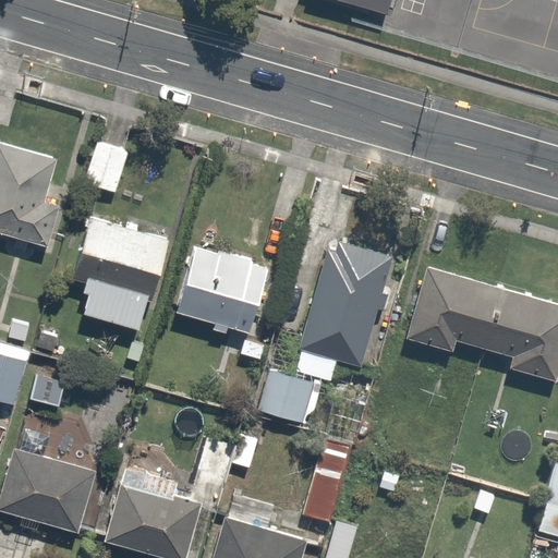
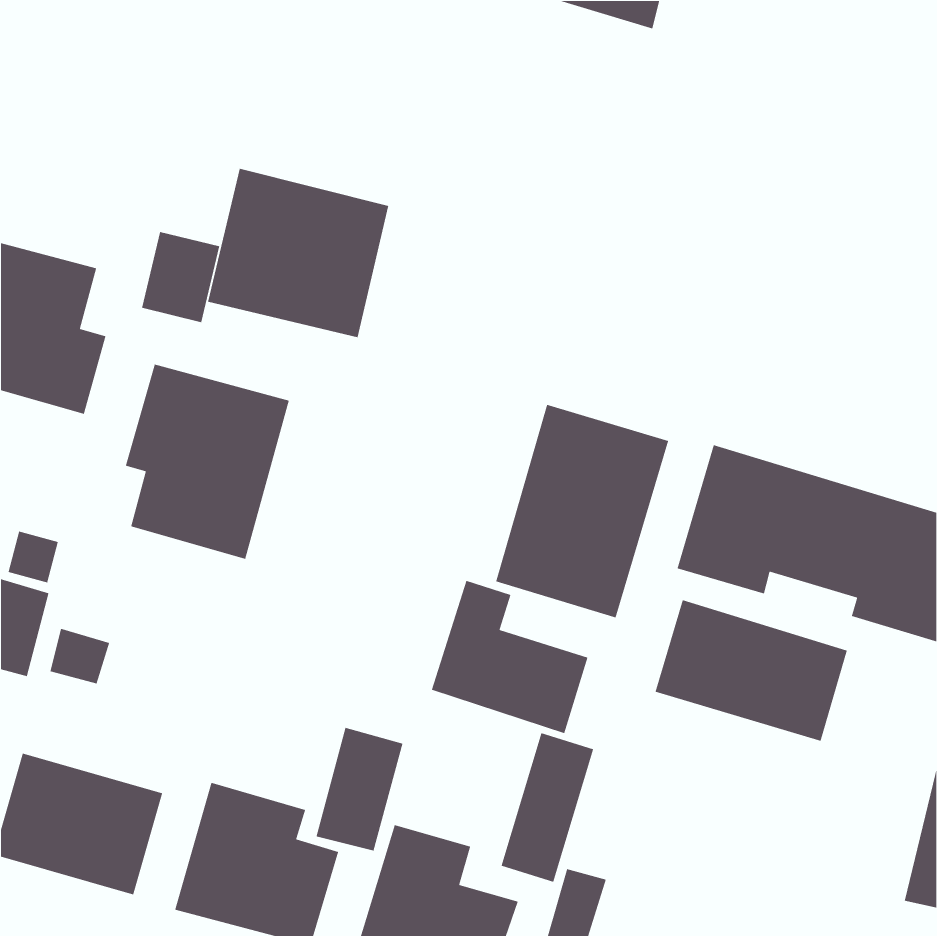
building: none -> [207,168,389,338]
building: [172,243,270,336] -> none
building: none -> [654,599,848,742]

